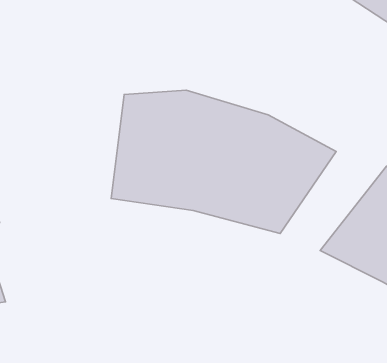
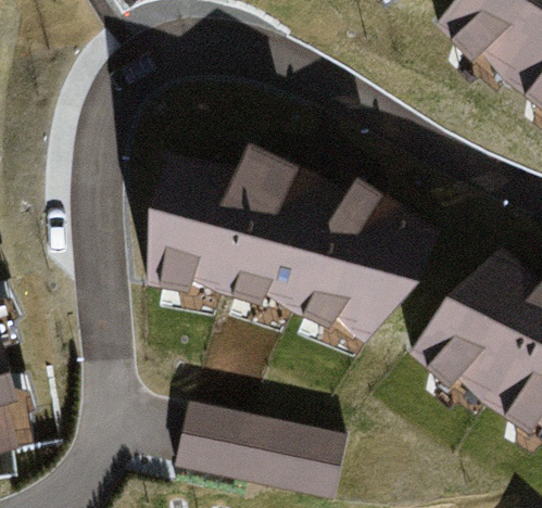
building: none -> [161,396,332,494]

